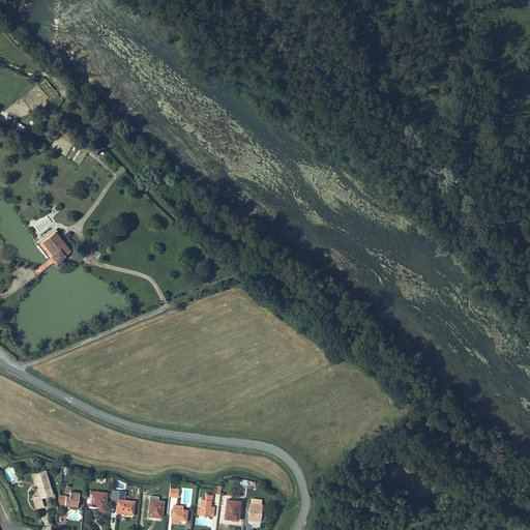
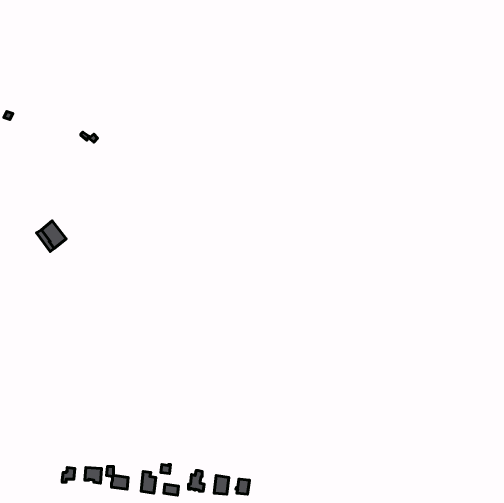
building: [32,470,53,509] -> none

